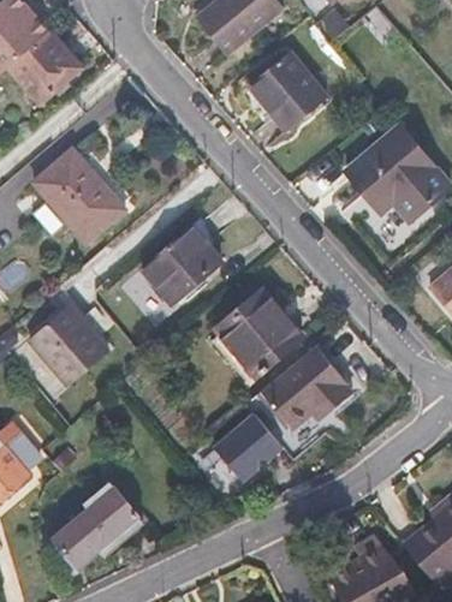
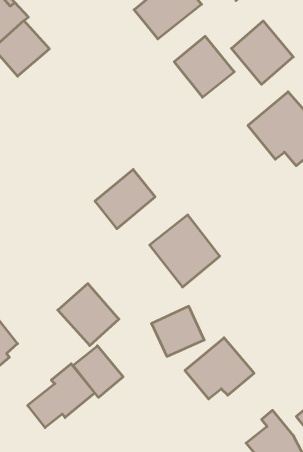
building: none -> [231,21,293,84]
building: [34,148,126,243] -> none
building: [29,304,109,386] -> [58,284,119,346]
building: [262,345,353,425] -> [185,338,254,399]
building: none -> [73,346,123,397]

